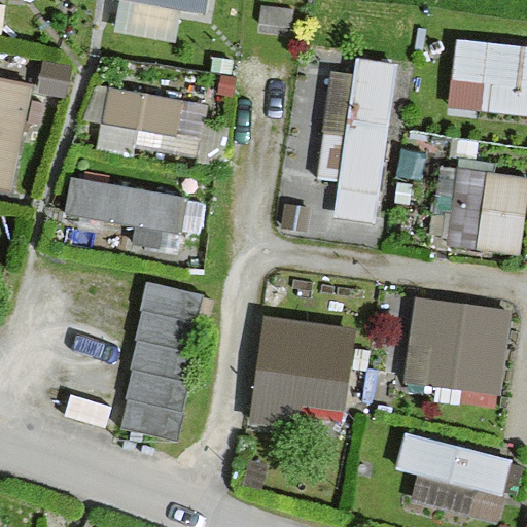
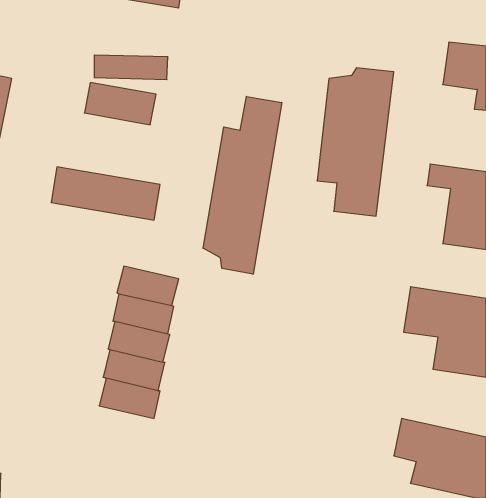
building: none -> [203,96,282,274]
building: [269,319,378,425] -> none

